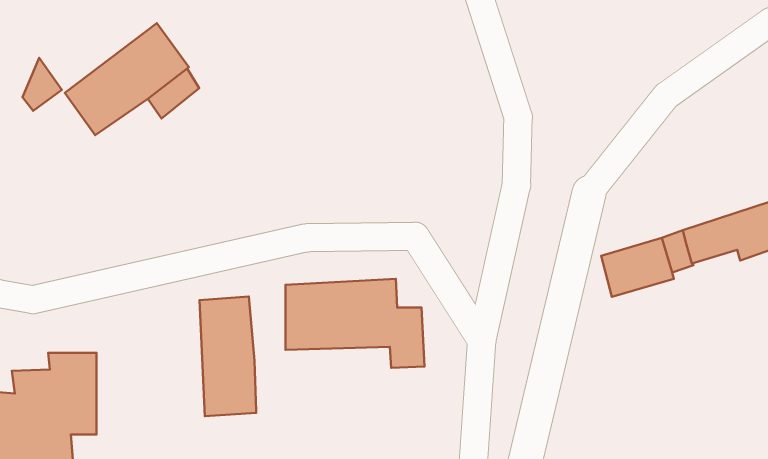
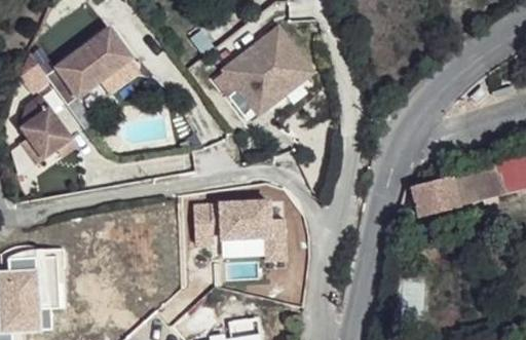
building: none -> [214,30,310,120]
building: none -> [20,95,77,164]
building: [200,297,256,416] -> none

